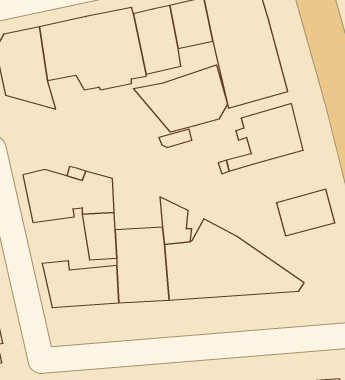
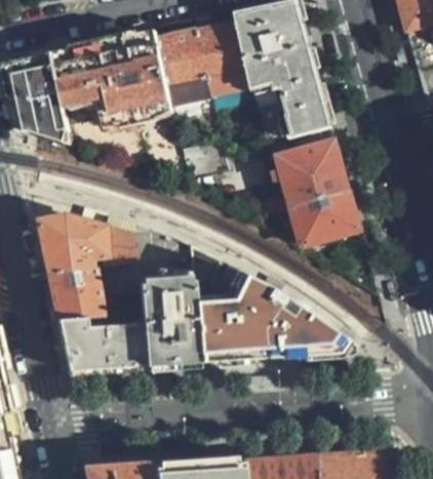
building: [133,65,227,132] -> none
building: [276,189,335,236] -> [293,192,359,244]
building: none -> [45,265,101,319]

